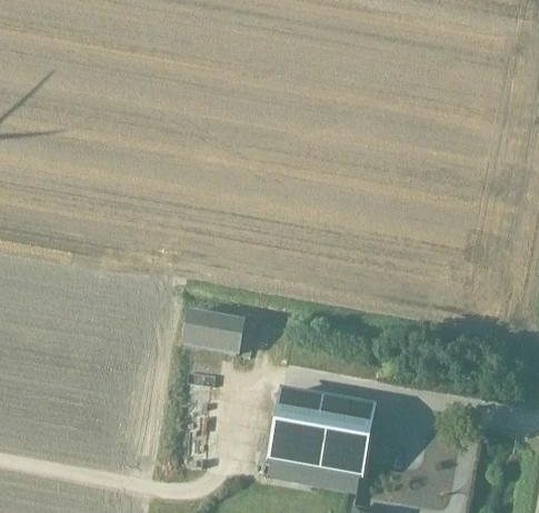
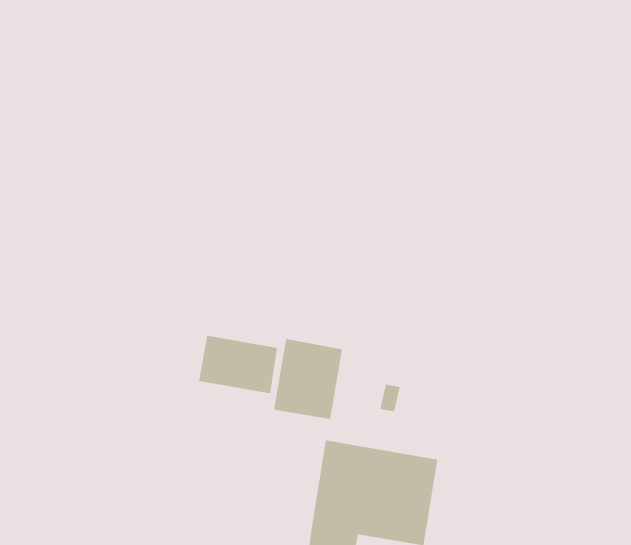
building: none -> [273,338,342,420]

